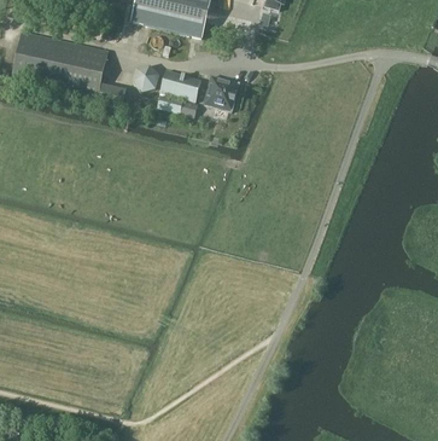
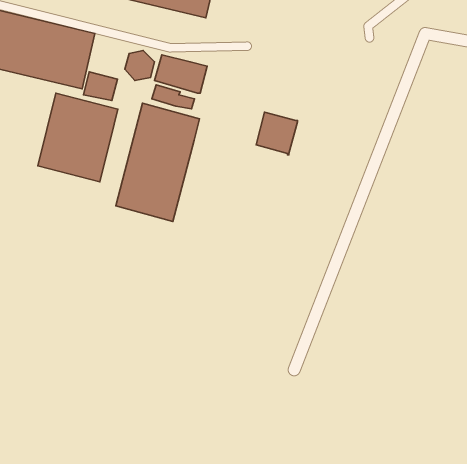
building: [204,74,239,110] -> [256,112,297,155]
building: none -> [38,93,118,182]
building: none -> [116,103,200,221]

